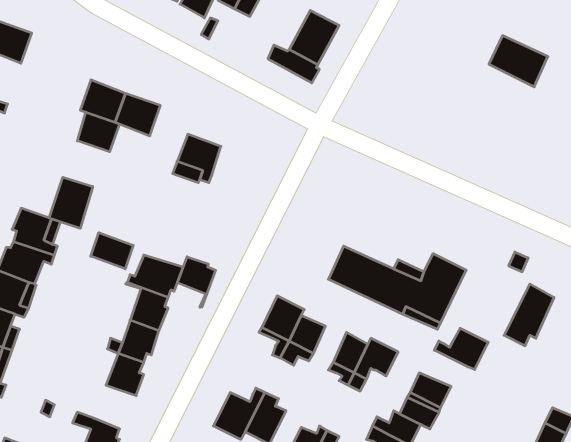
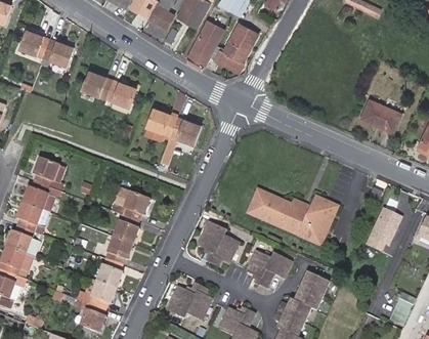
building: none -> [185,26,219,71]
building: none -> [40,40,71,69]
building: [489,36,548,87] -> [364,95,404,130]
building: [77,112,119,152] -> none
building: none -> [169,117,200,145]
building: [49,177,93,228] -> none
building: [91,233,133,269] -> none
building: [177,257,216,307] -> none
building: [434,328,488,370] -> none
building: none -> [78,279,118,308]

